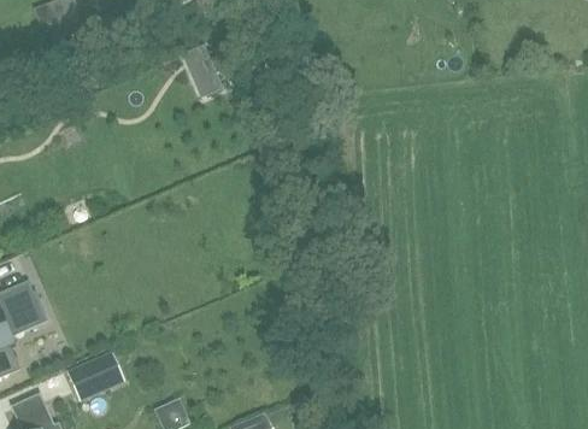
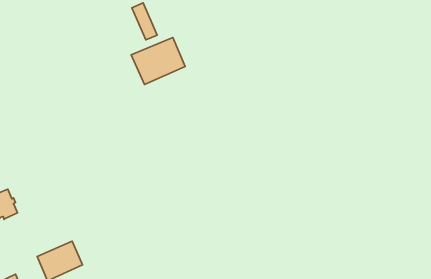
building: none -> [131,38,185,85]

